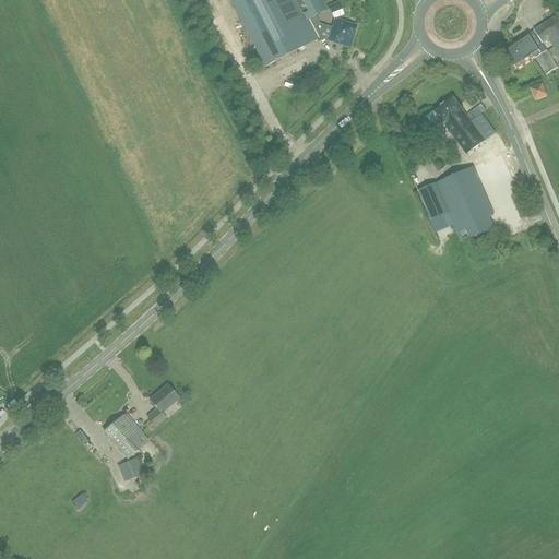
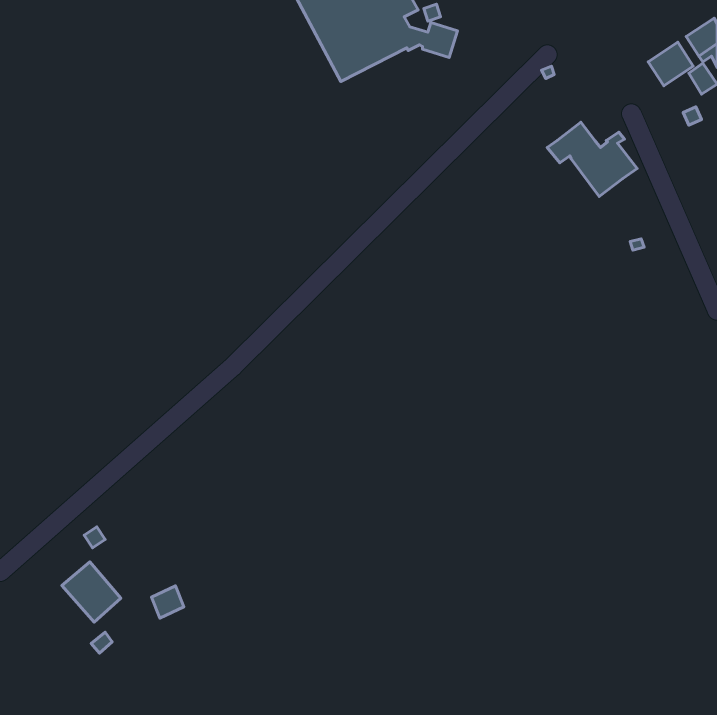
building: [418,167,495,241] -> none
building: [147,383,178,425] -> none
building: [103,411,148,457] -> [62,562,121,622]

